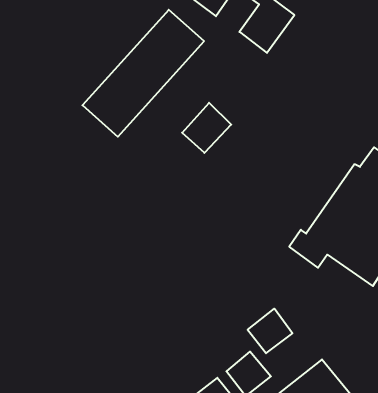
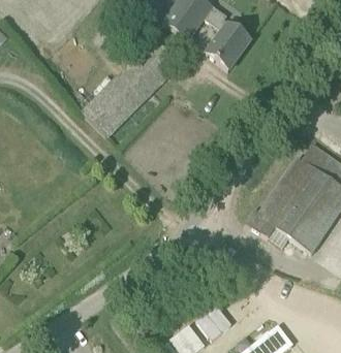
building: [182,103,231,153] -> none
building: [248,309,292,353] -> none

